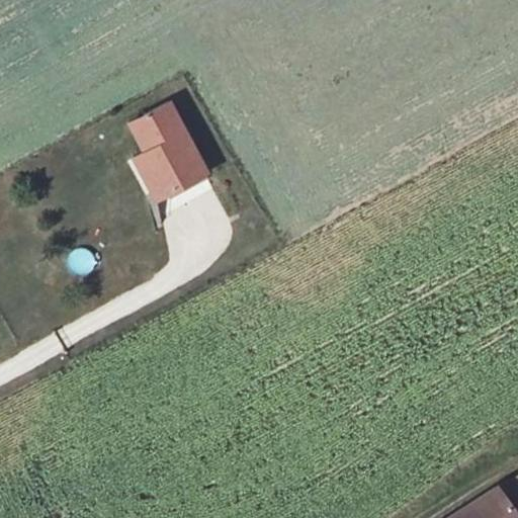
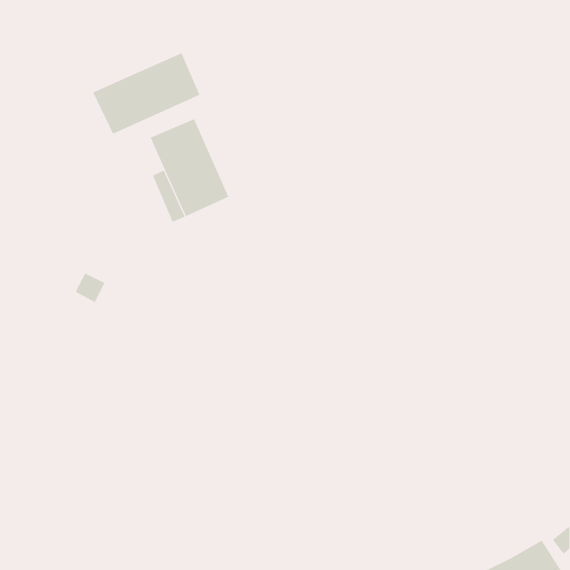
building: none -> [93,52,200,135]

